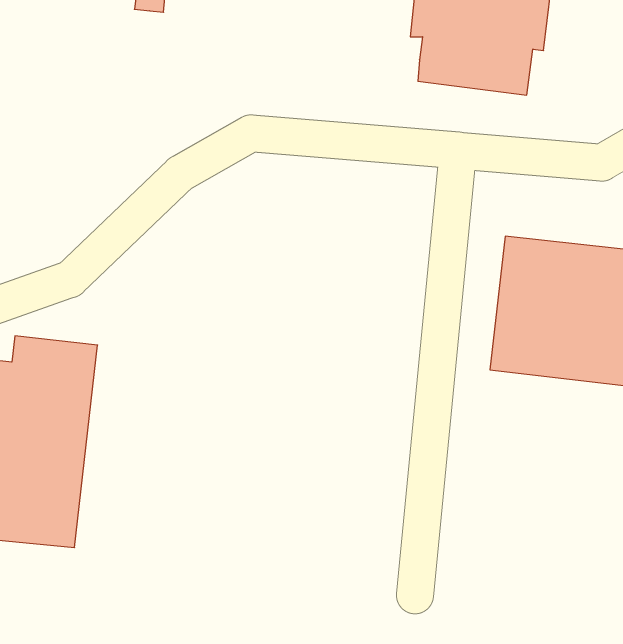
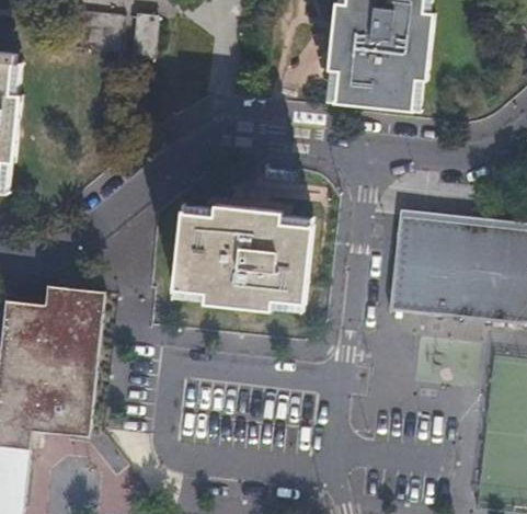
building: none -> [175,204,311,307]

